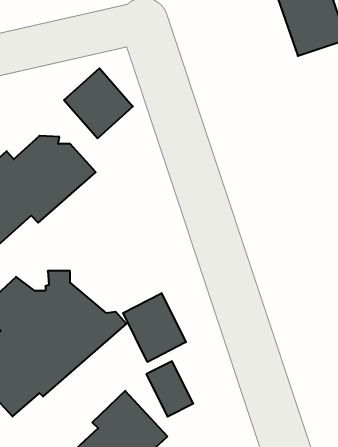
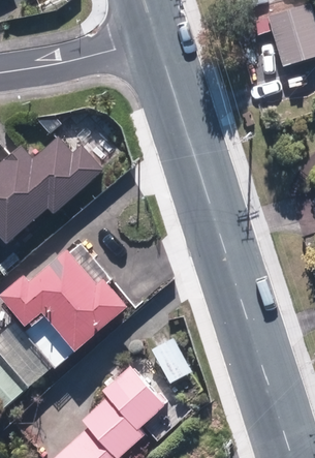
building: [64,68,133,138] -> none
building: [123,293,186,362] -> none

